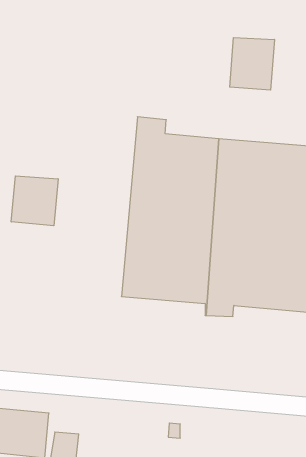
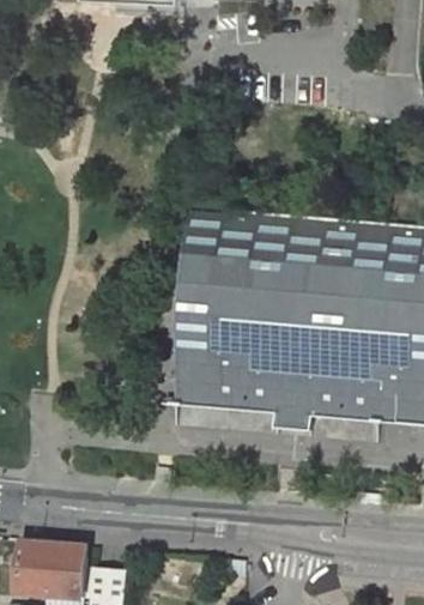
building: [230,38,274,90] -> none
building: [11,176,58,226] -> none

